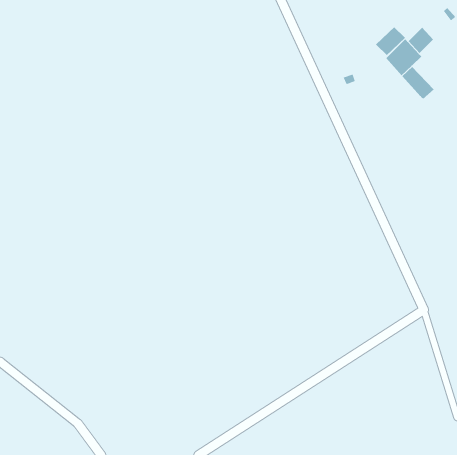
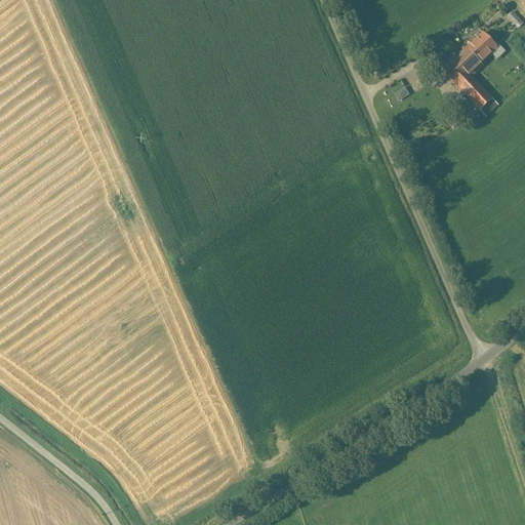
building: [375,27,406,56] -> none

